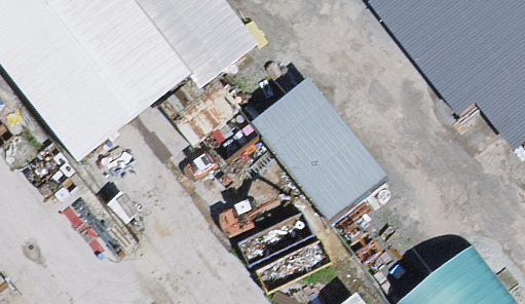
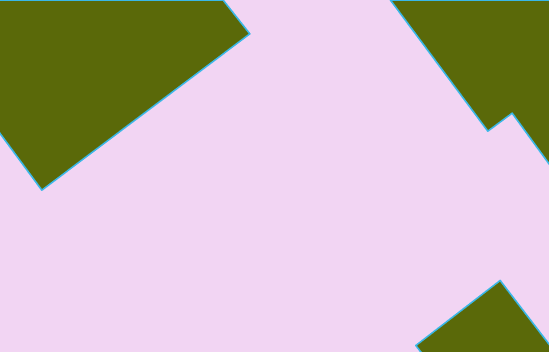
building: [251,70,386,215] -> none

